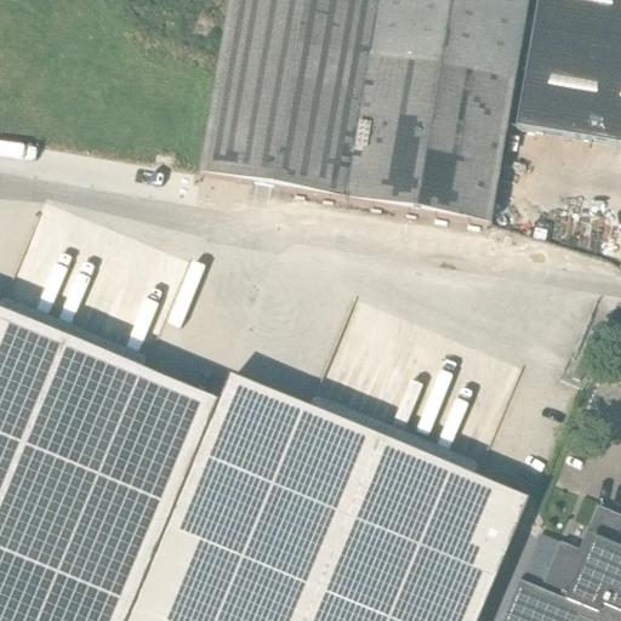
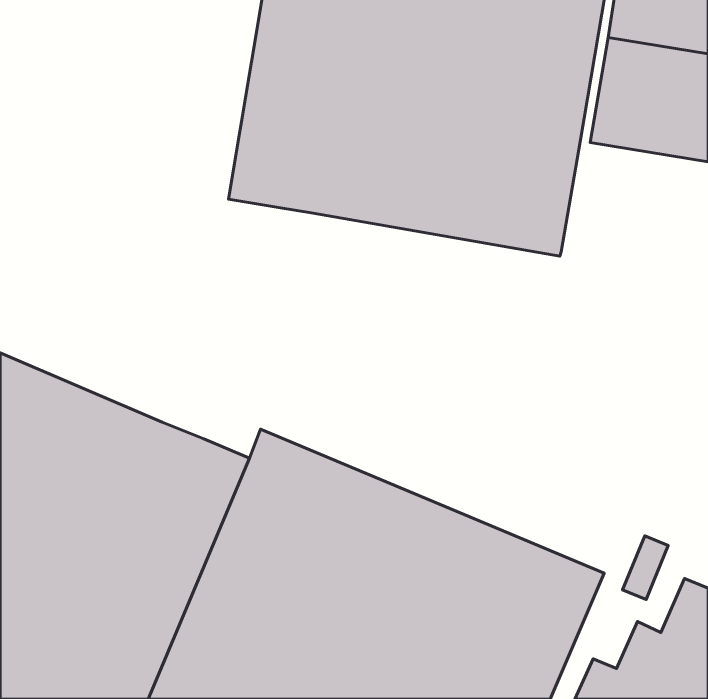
building: [519,529,559,585] -> [623,536,668,600]

